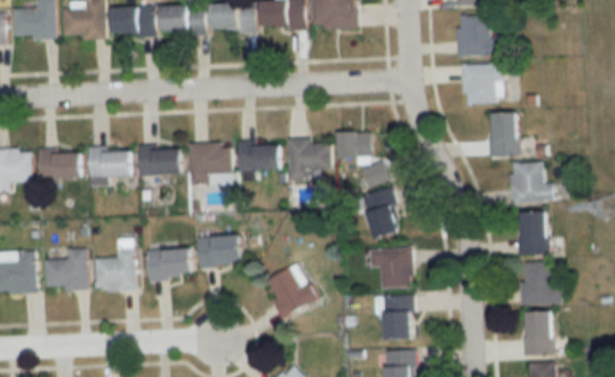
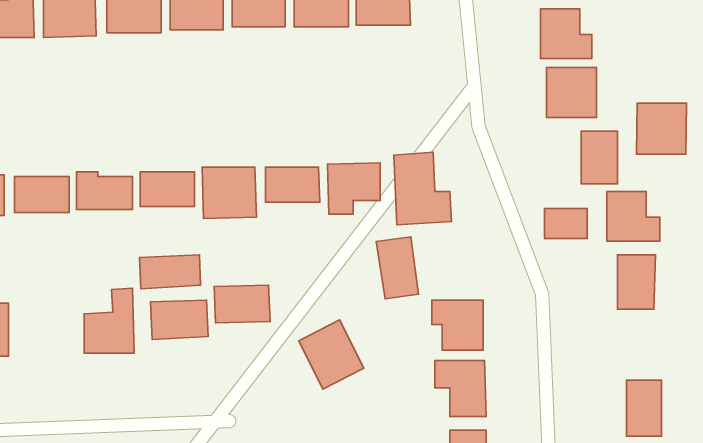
building: none -> [636,103,686,154]
building: none -> [544,209,587,239]
building: [365,188,399,238] -> [376,237,419,299]
building: none -> [140,255,201,289]
building: [43,247,85,288] -> none
building: [520,262,560,304] -> none

